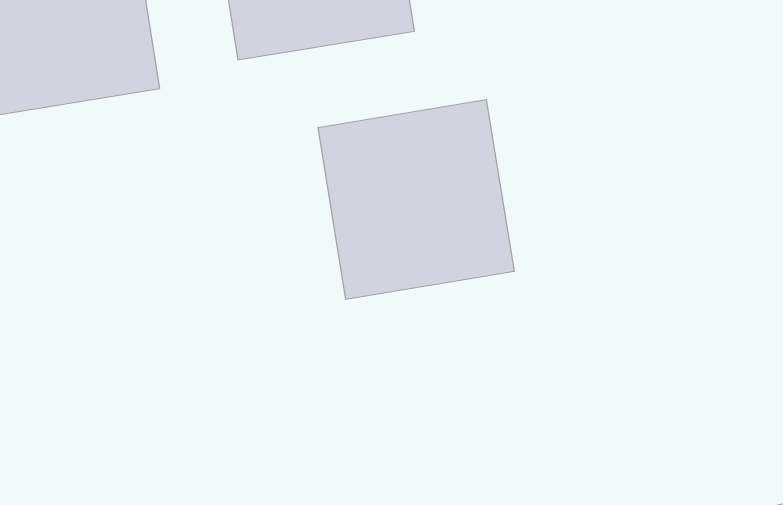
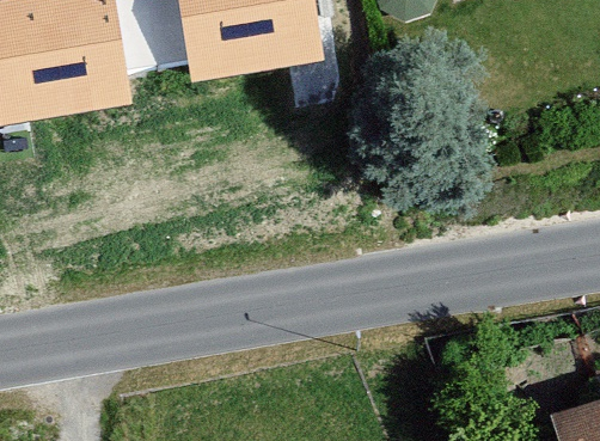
building: [318,100,514,299] -> none

